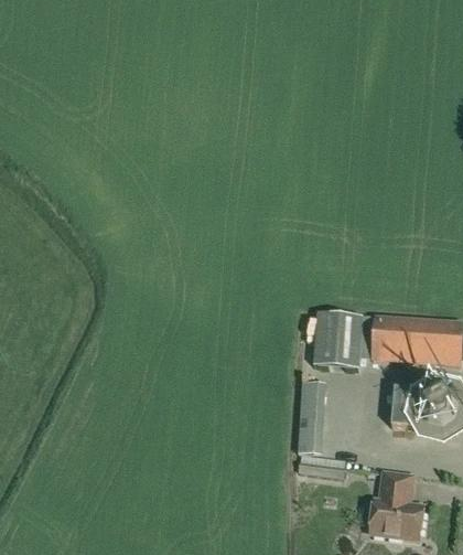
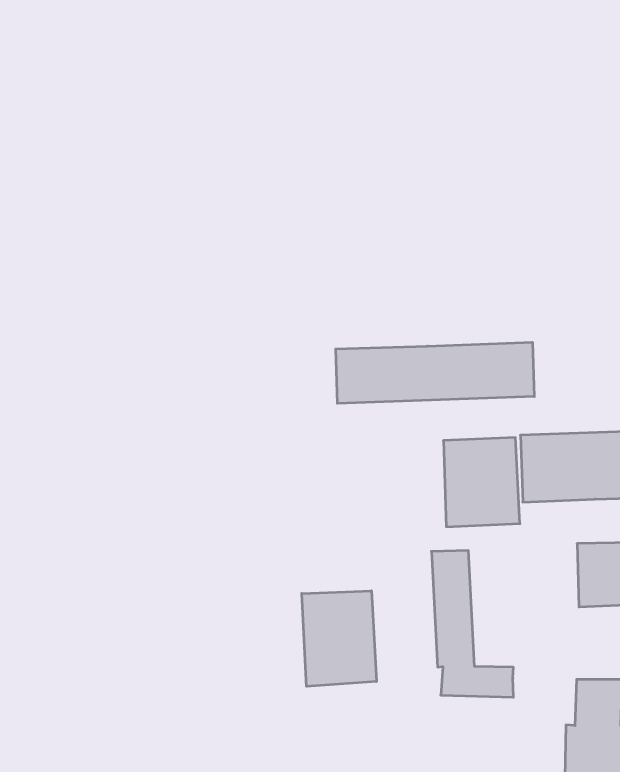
building: none -> [336,342,534,403]
building: none -> [302,591,376,686]

